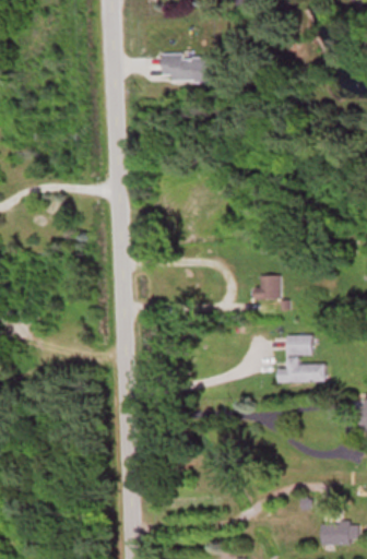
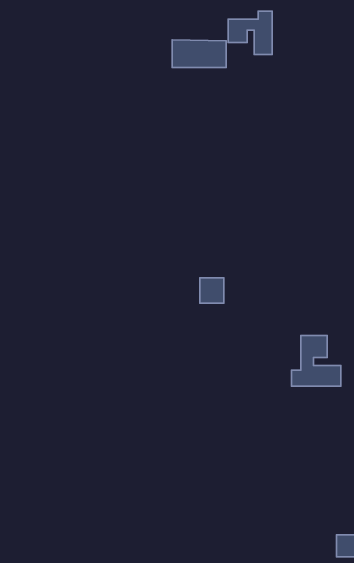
building: none -> [228,11,272,55]
building: [256,275,279,299] -> [200,278,224,303]

